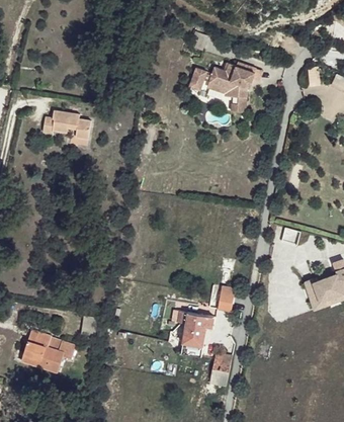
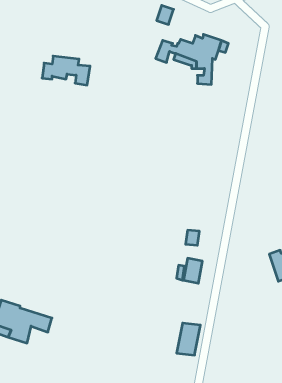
building: [41,110,90,140] -> [42,56,90,85]
building: [177,311,214,346] -> none

